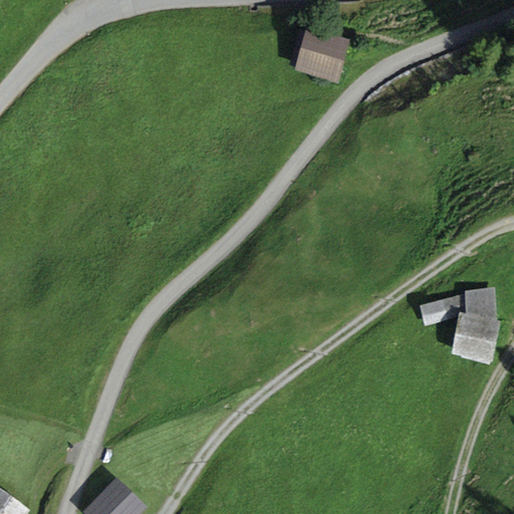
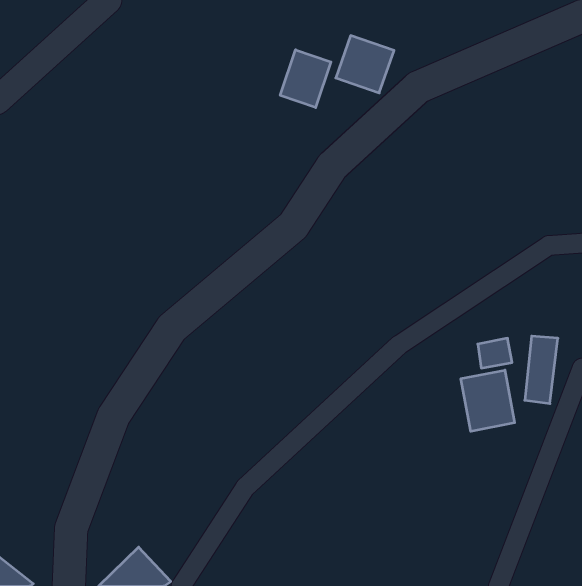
building: none -> [280,50,331,108]
building: none -> [461,370,515,431]

